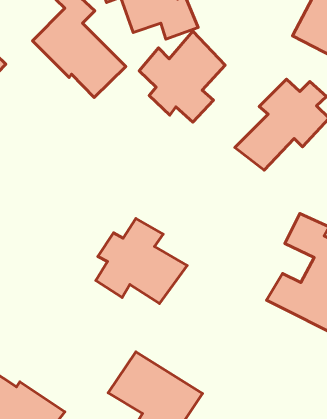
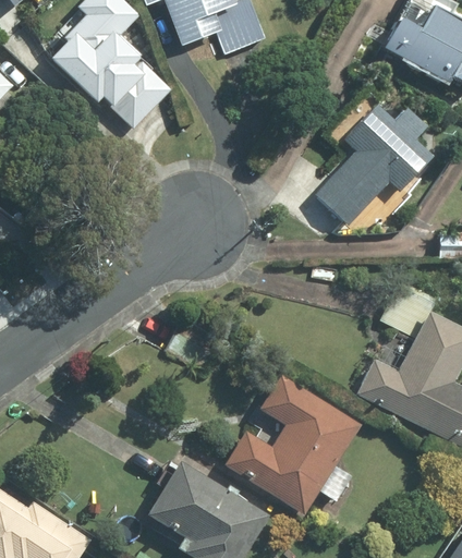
building: [139,31,225,122] -> none
building: [96,219,187,303] -> none
building: none -> [226,376,363,515]

